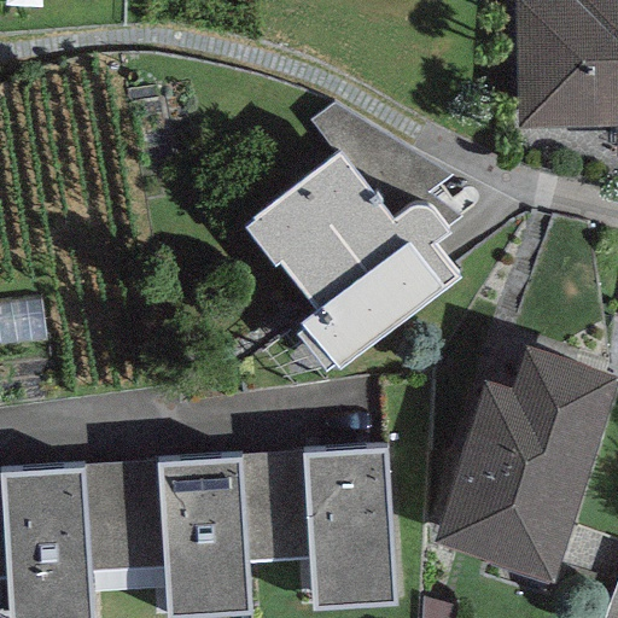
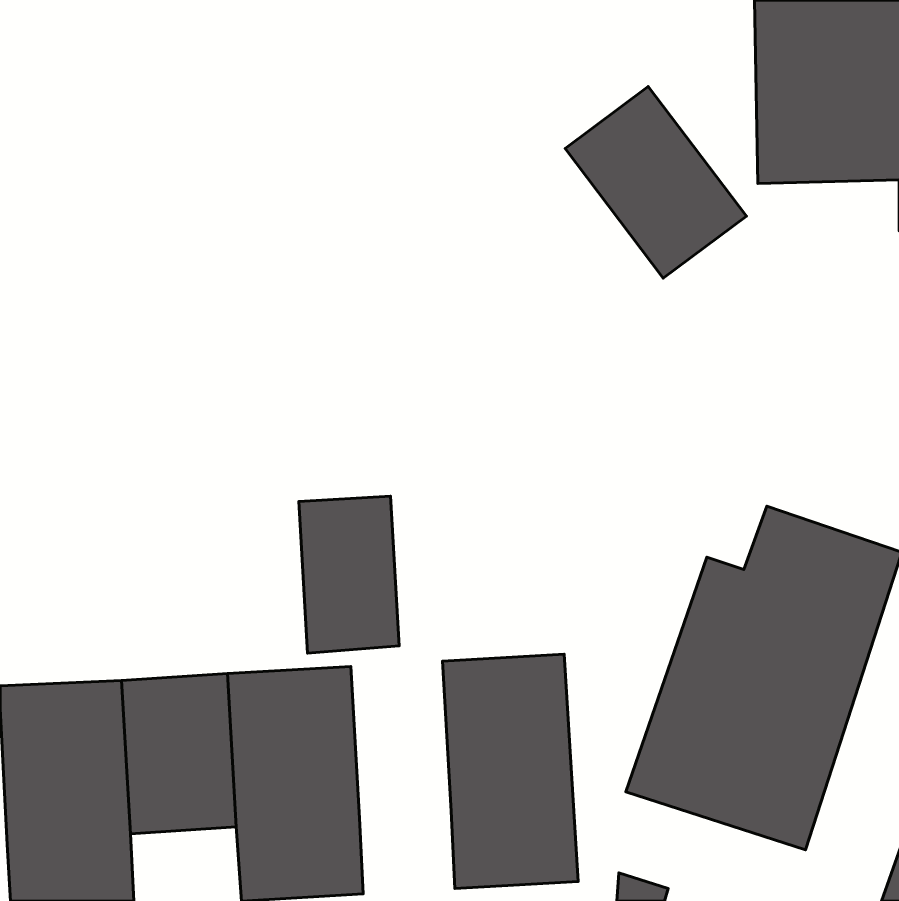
building: none -> [565,87,746,278]
building: [246,152,460,368] -> none
building: [241,453,310,560] -> [299,496,399,653]

